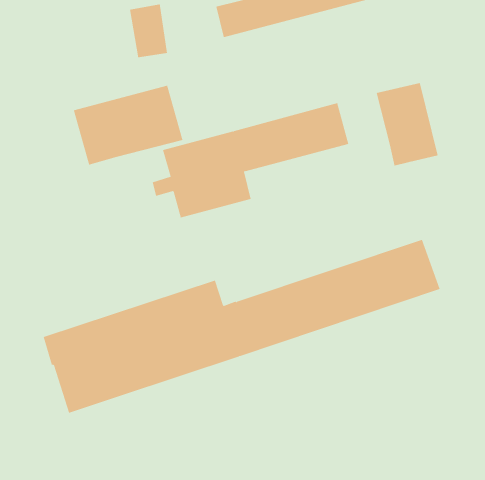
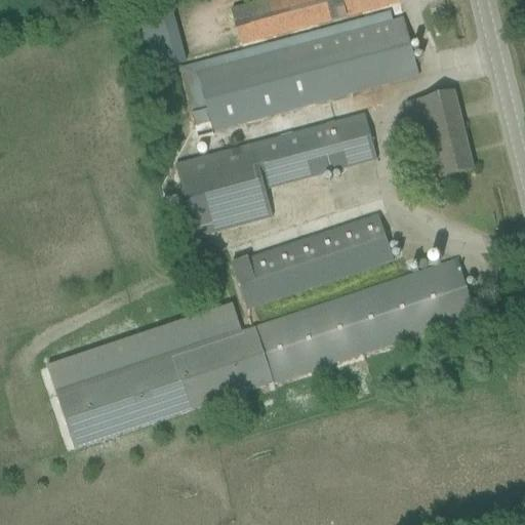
building: none -> [179,9,418,136]
building: [73,85,183,166] -> none
building: none -> [232,214,401,308]

